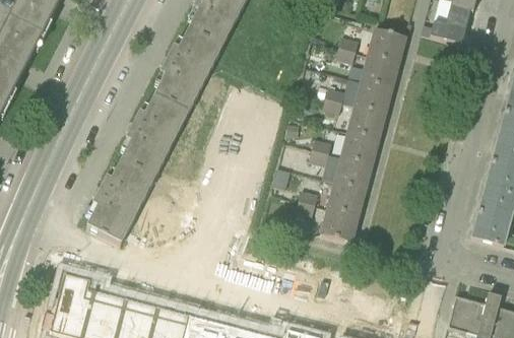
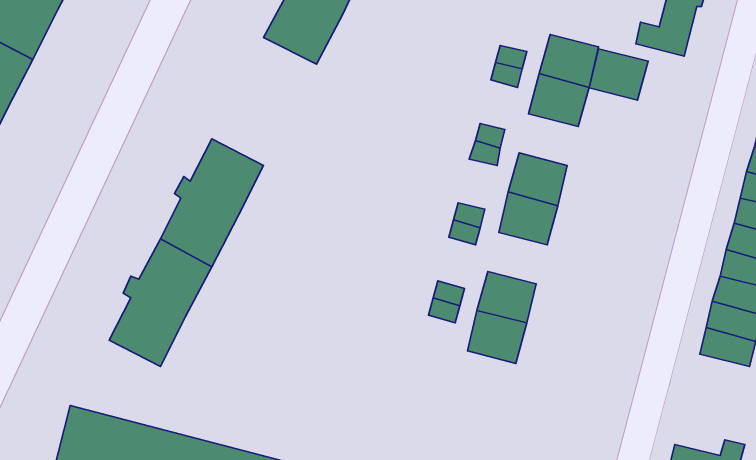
building: [153,30,221,114] -> none
building: [354,80,392,114] -> [589,49,648,100]
building: [333,157,372,191] -> none

